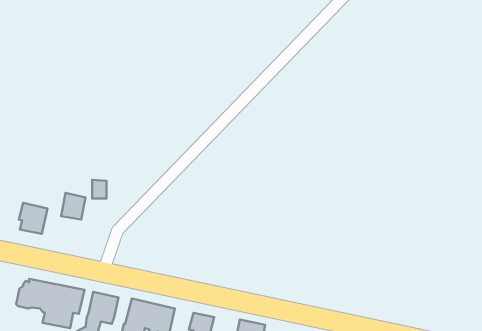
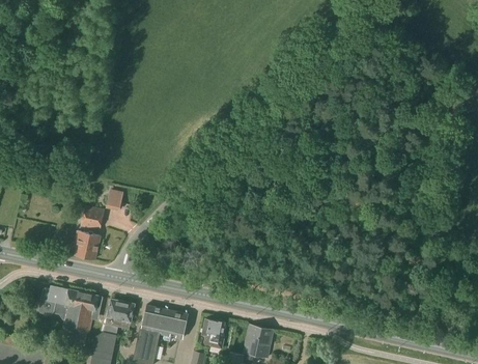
building: [19,203,47,234] -> [74,230,101,259]

